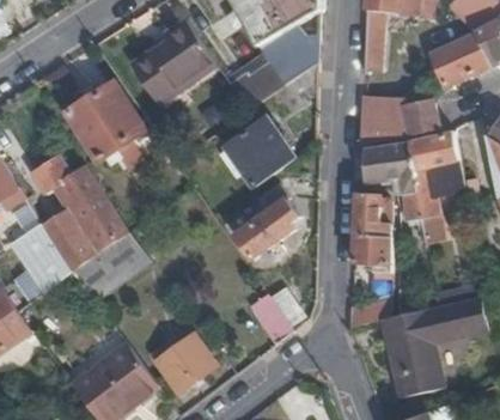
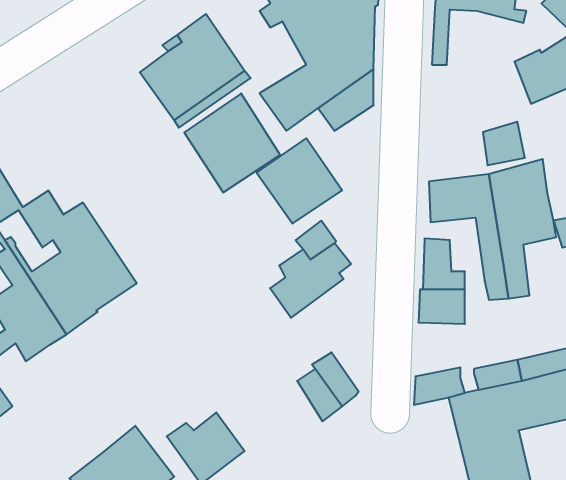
building: [67,81,144,160] -> [184,93,280,192]
building: [359,97,408,146] -> none
building: [72,230,152,299] -> none

